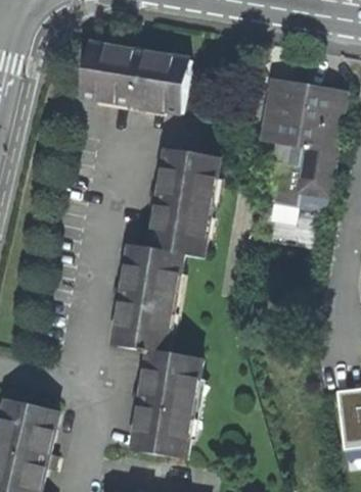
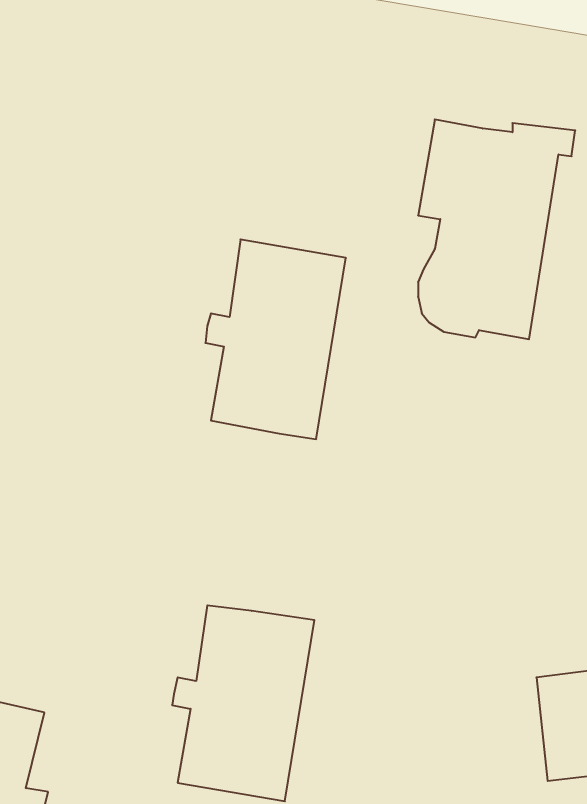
building: [80,42,190,115] -> none
building: [109,244,187,353] -> none

